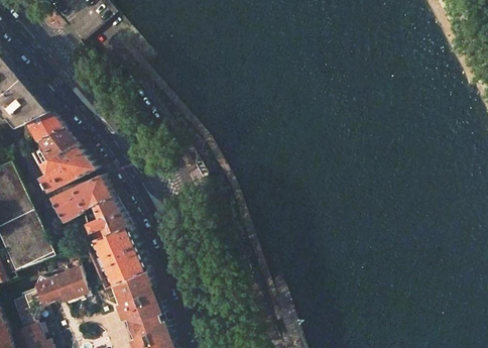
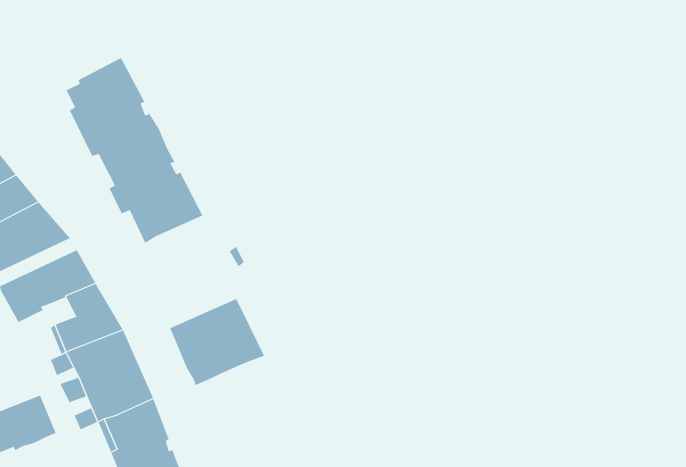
building: none -> [66,57,203,244]
building: none -> [169,298,265,386]

